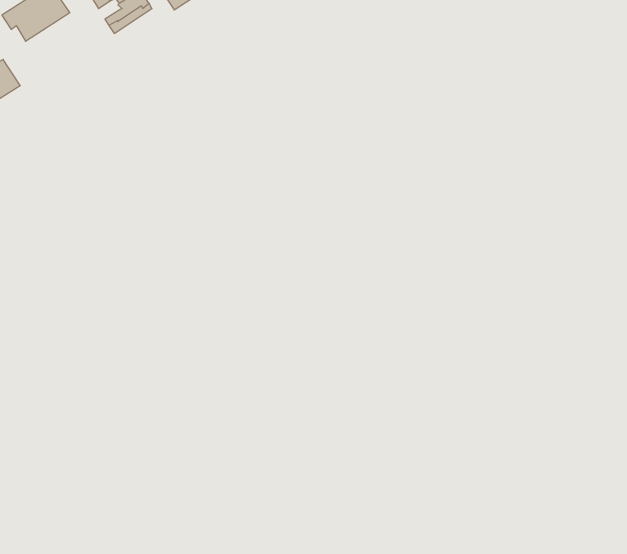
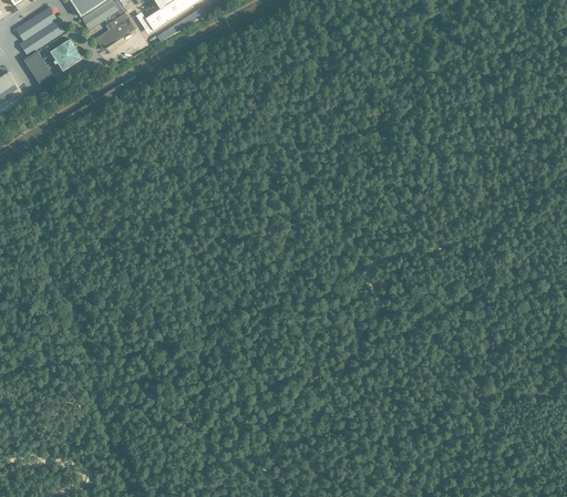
building: none -> [49,38,81,69]
building: none -> [22,50,54,89]

